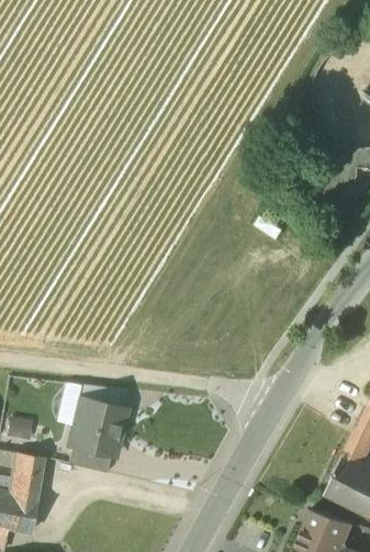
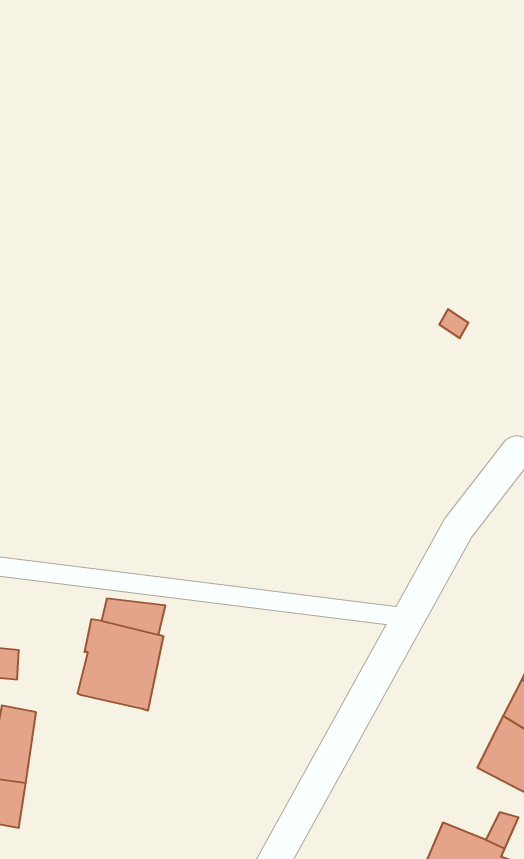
building: [70,447,113,473] -> none
building: [304,510,340,539] -> none

